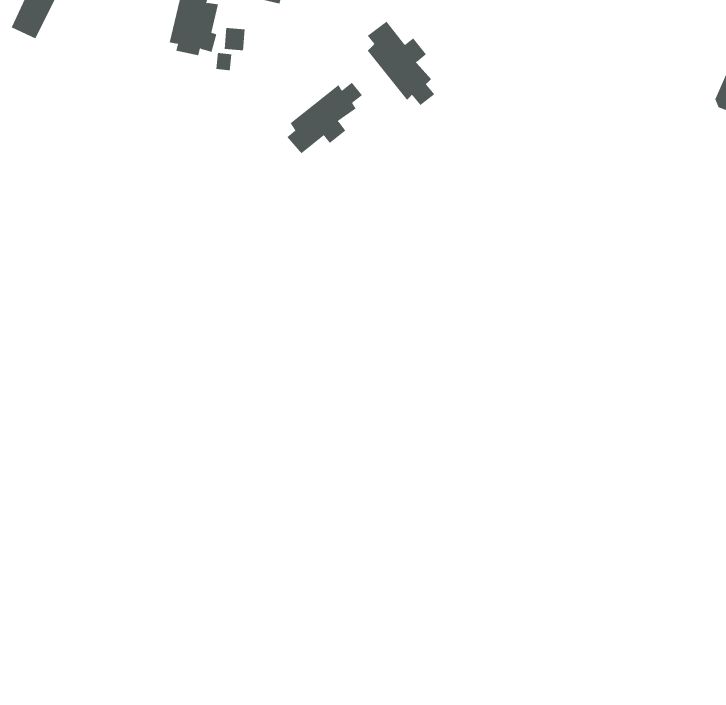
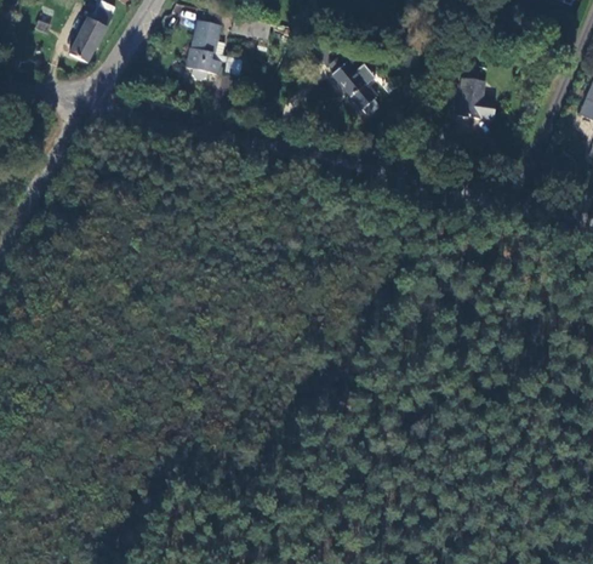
building: none -> [457,80,496,121]
building: [286,82,363,154] -> none

